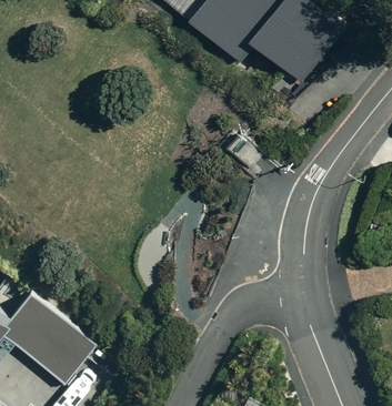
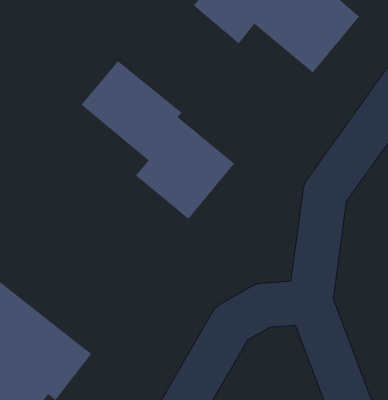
building: none -> [80,60,235,220]

